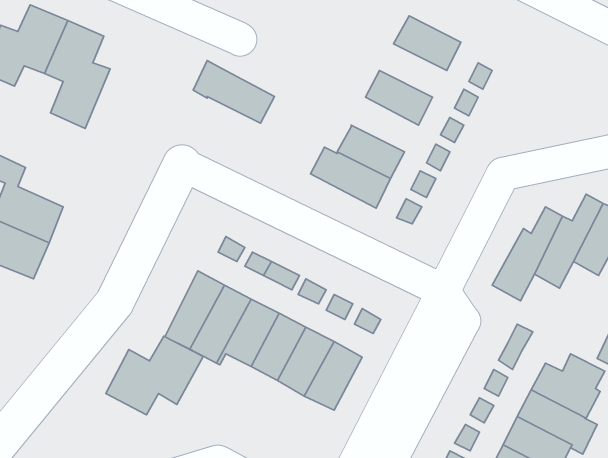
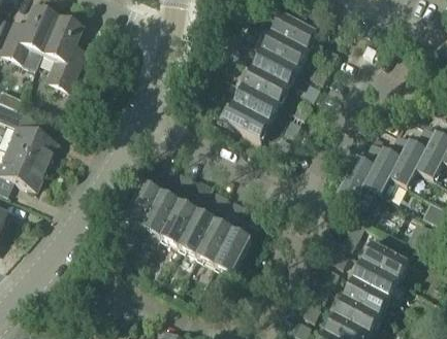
building: none -> [262,34,307,69]
building: [193,60,274,123] -> [234,64,288,105]
building: [106,336,203,415] -> none

